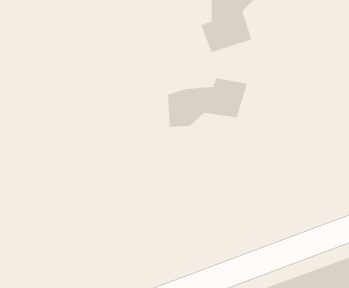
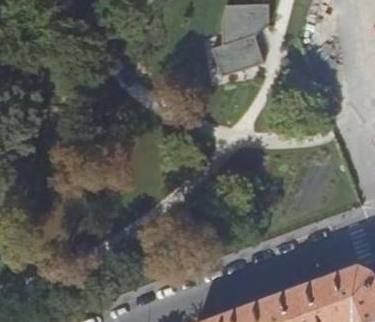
building: [167,78,248,127] -> none

